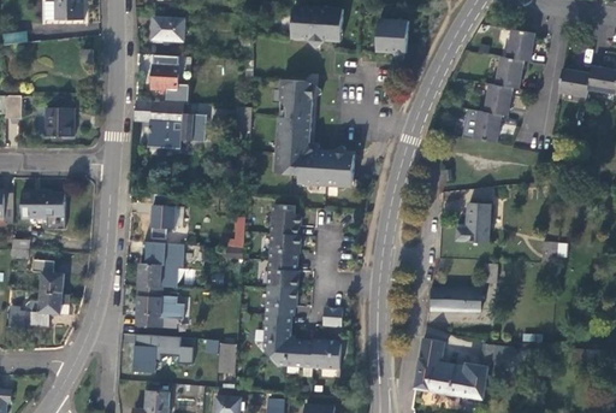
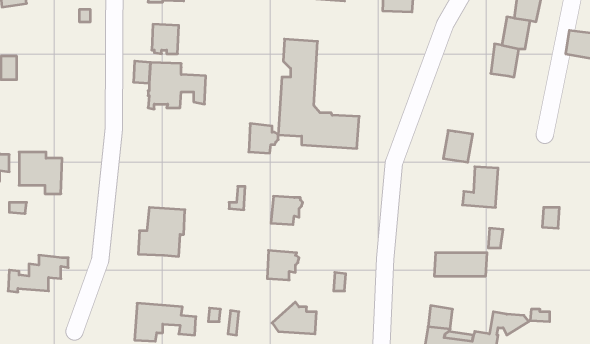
building: [45,107,71,136] -> none
building: [472,111,500,142] -> [443,130,473,162]
building: [152,205,176,229] -> none
building: [271,205,300,234] -> [249,124,278,153]
building: [32,258,65,293] -> none
building: [266,259,296,288] -> none
building: [136,289,183,330] -> none
building: [261,313,292,356] -> none
building: [312,340,339,370] -> none

